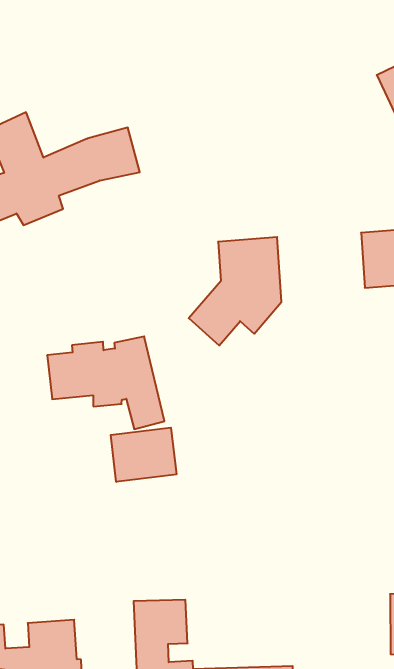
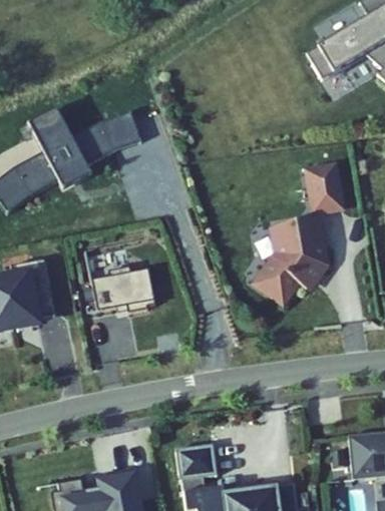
building: [189,237,281,345] -> [259,214,324,297]
building: [111,428,176,482] -> none

